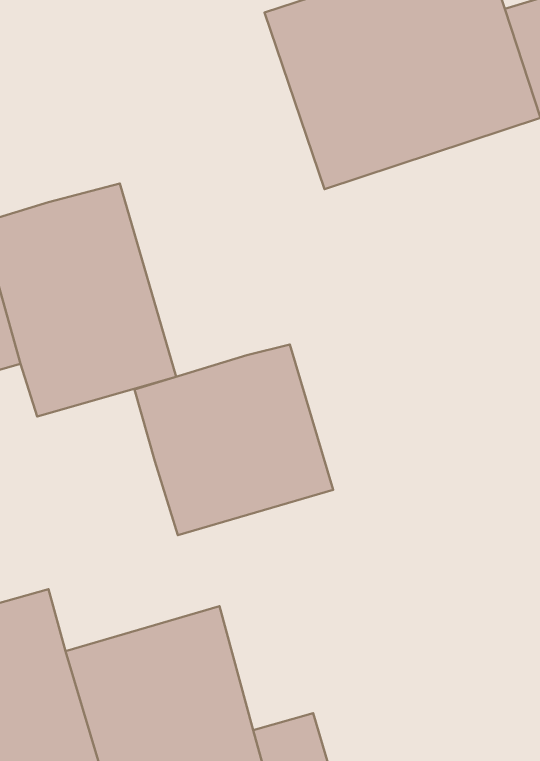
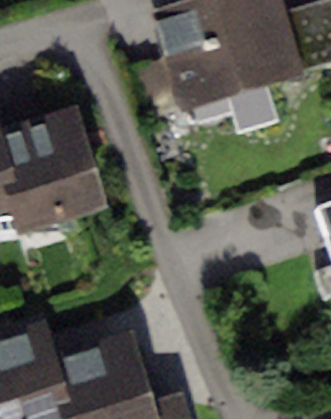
building: [135,344,333,535] -> none

